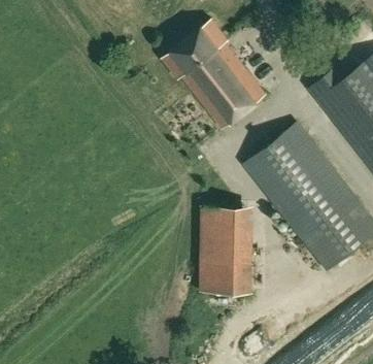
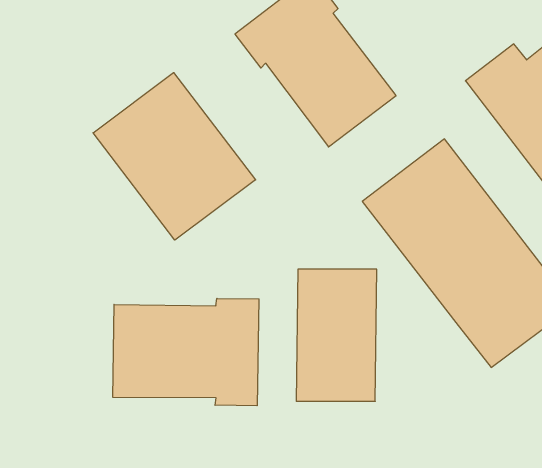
building: none -> [93,73,256,240]
building: none -> [113,298,259,406]

